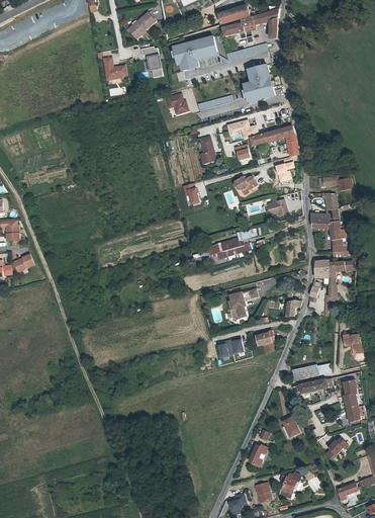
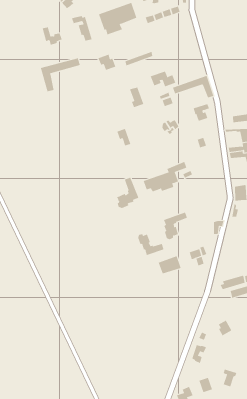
building: [242,65,273,101] -> none
building: none -> [40,58,80,92]
building: none -> [116,177,139,209]
building: none -> [138,233,164,256]

